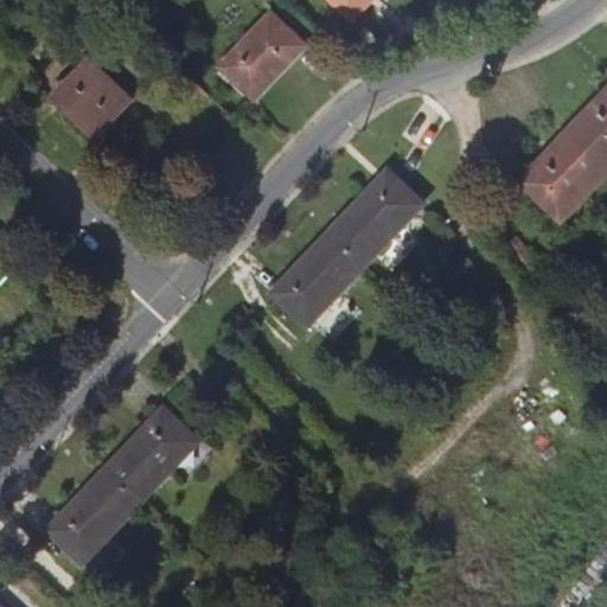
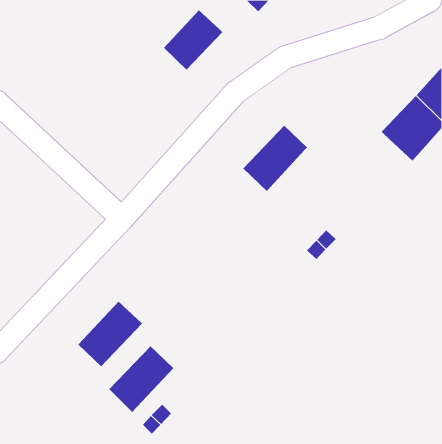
building: [55,59,129,133] -> none
building: [273,231,363,325] -> none
building: [49,471,138,562] -> [109,346,174,413]

